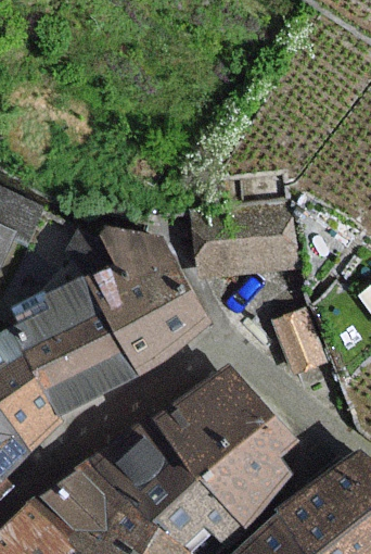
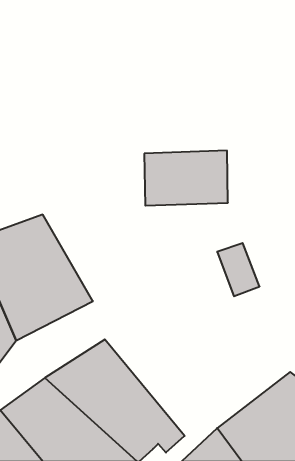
building: [85,229,208,376] -> none
building: [153,367,293,525] -> none

